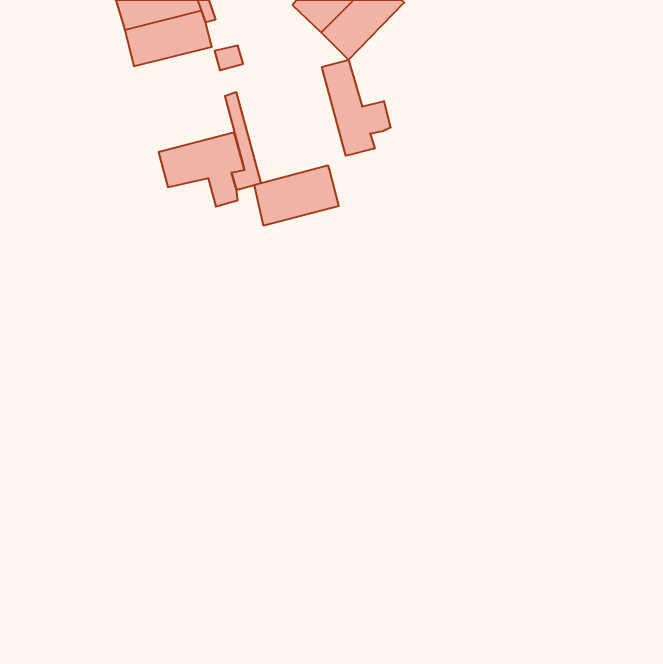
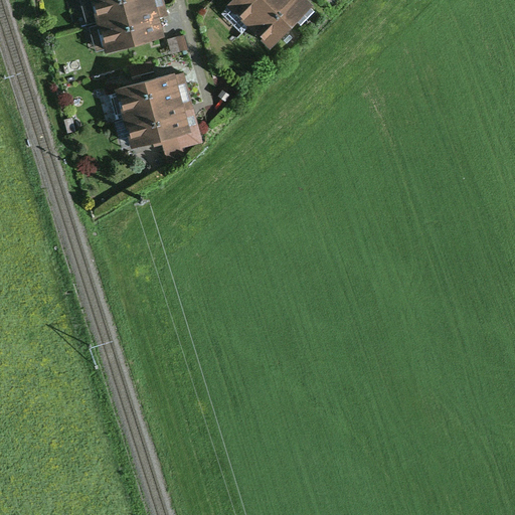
building: [322,60,391,156] -> none
building: [254,166,339,225] -> [116,71,181,118]

